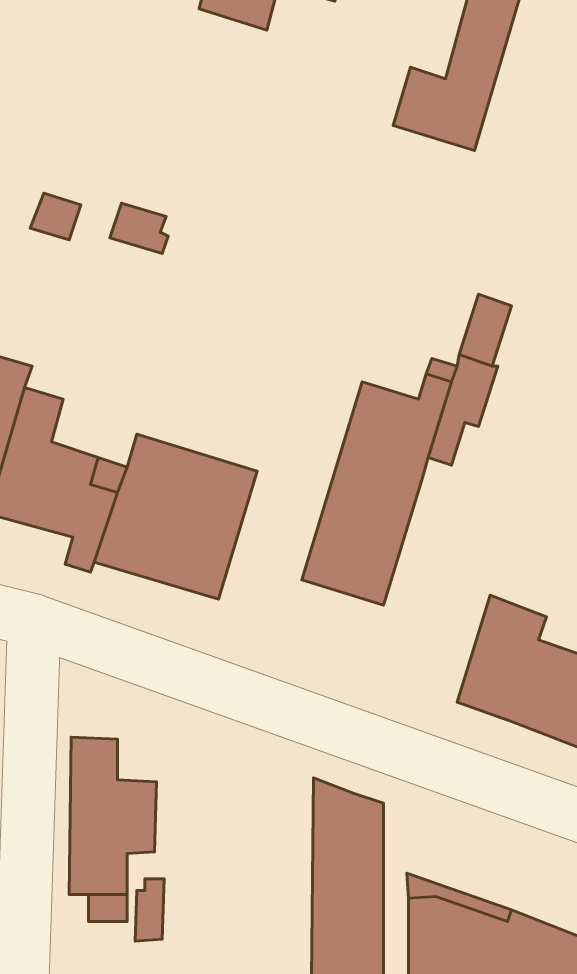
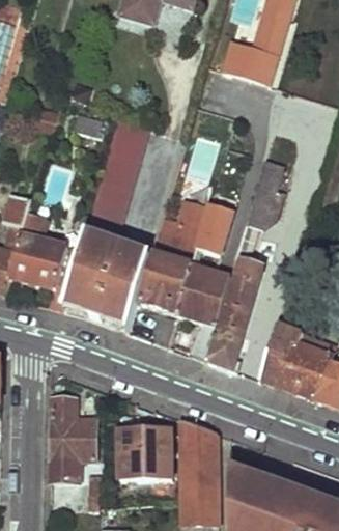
building: none -> [91,116,149,231]
building: none -> [139,199,207,312]
building: none -> [208,258,265,368]
building: none -> [120,430,172,479]

